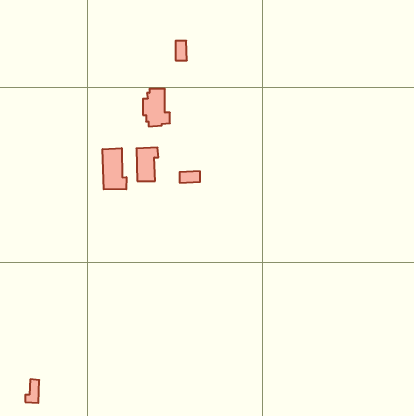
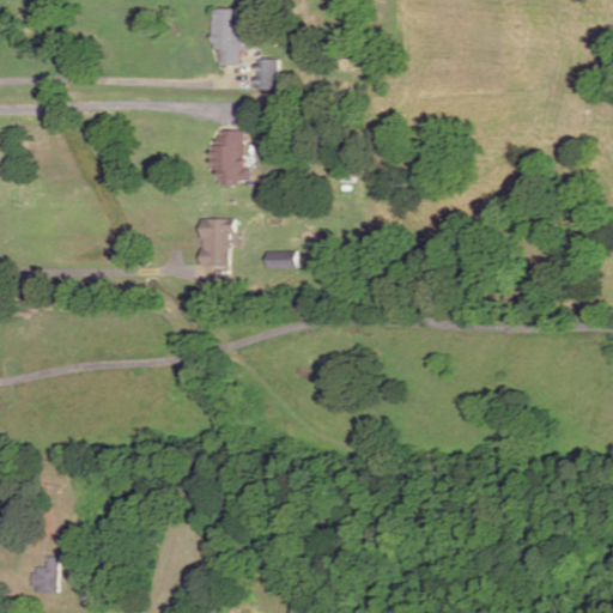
building: none -> [212,8,242,65]
building: [103,148,126,189] -> none

